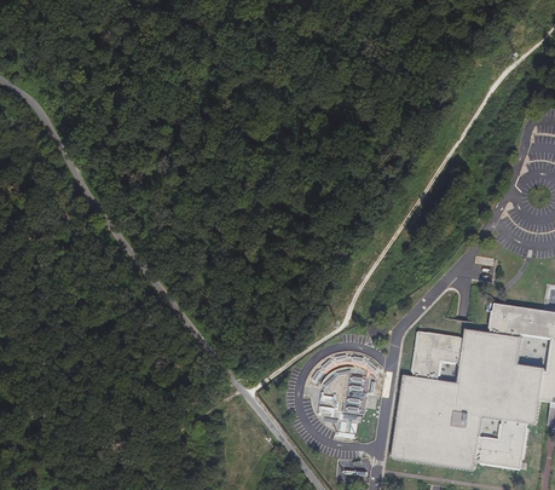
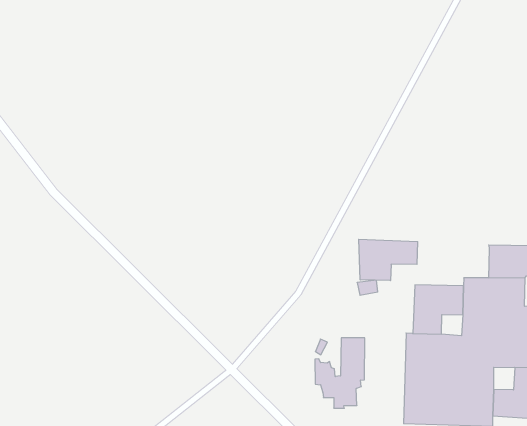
building: none -> [359,239,418,281]

